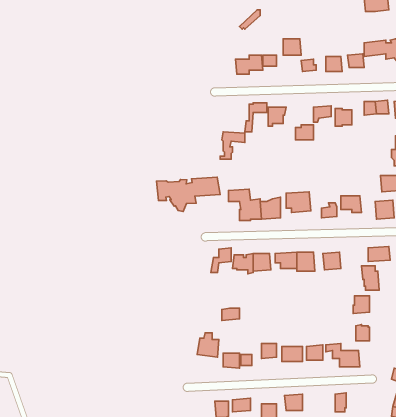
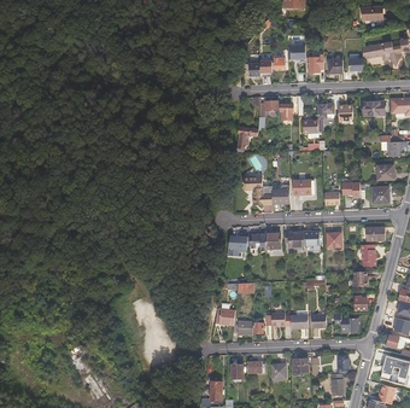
building: [157,177,220,211] -> none

